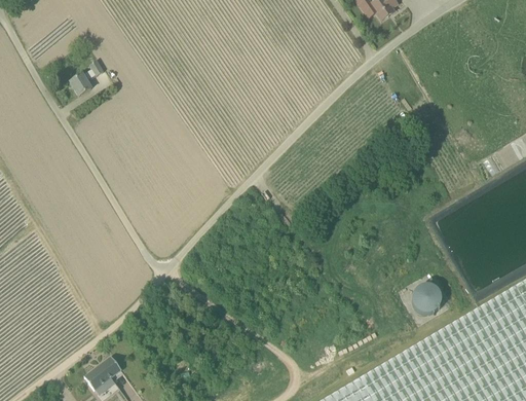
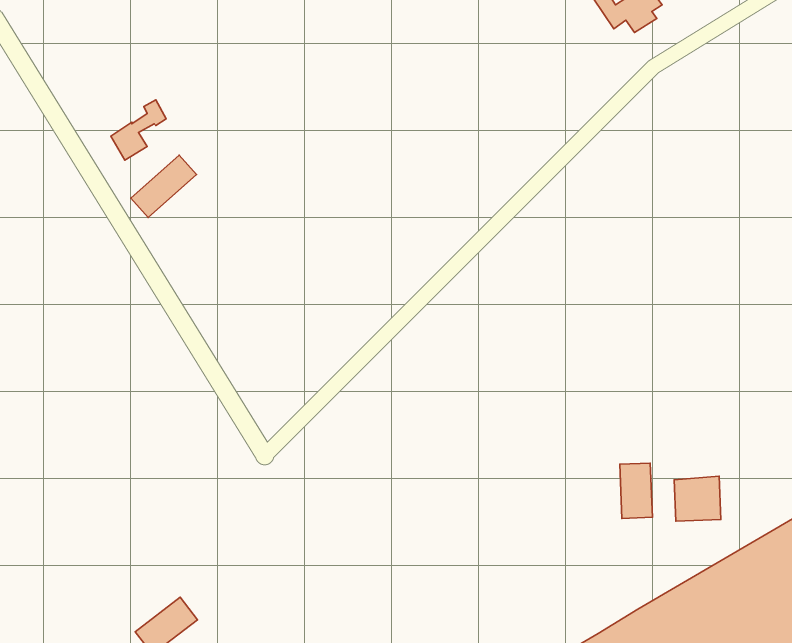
building: none -> [131,155,196,218]
building: none -> [620,463,652,518]

